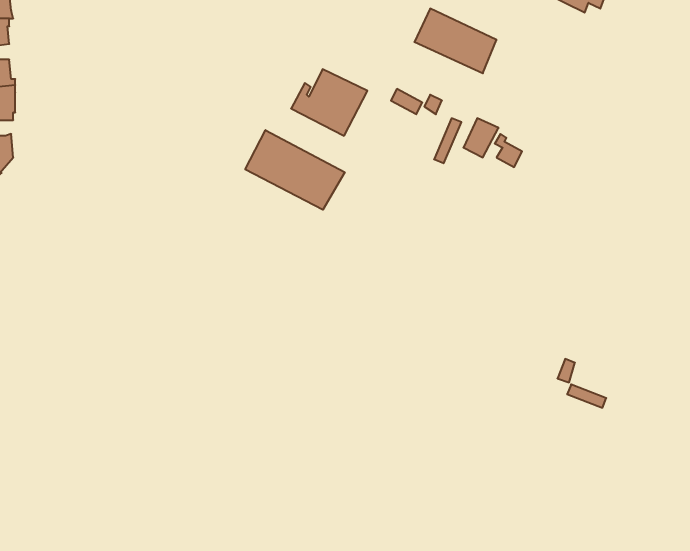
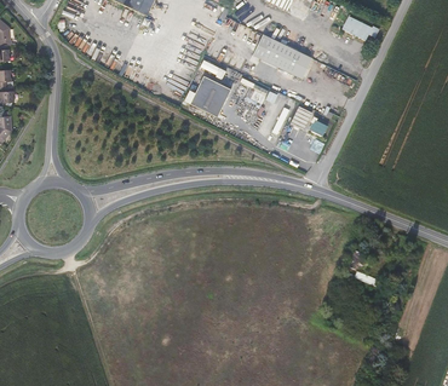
building: [245,130,345,210] -> none

